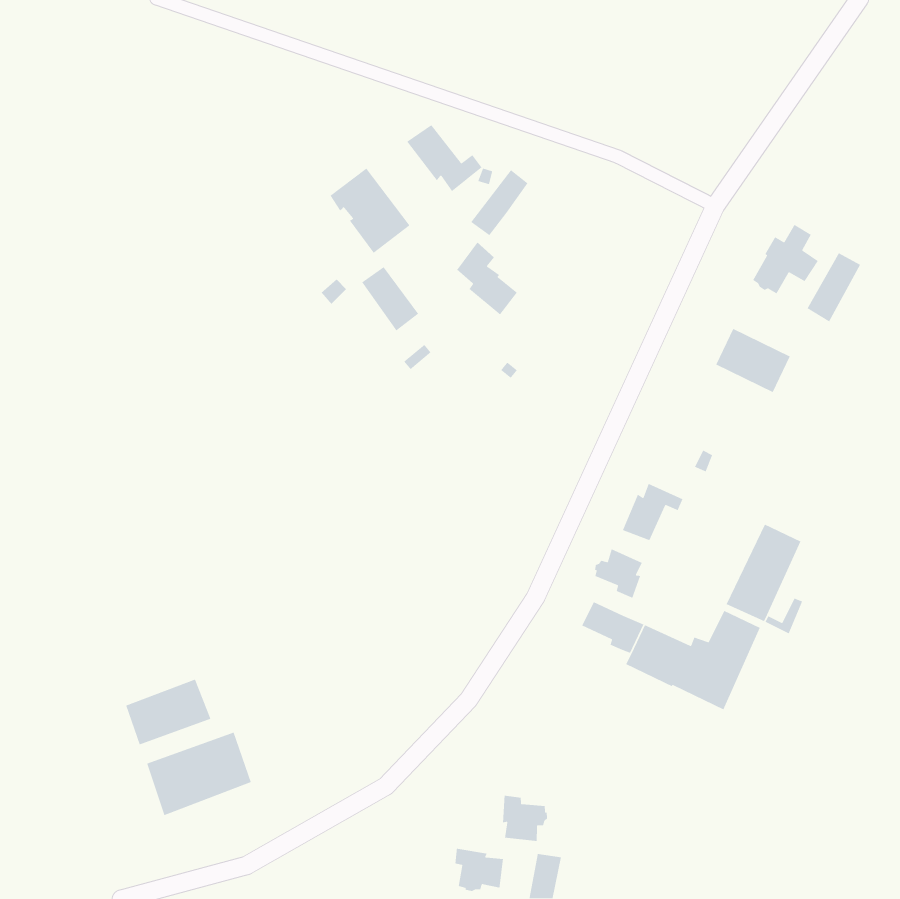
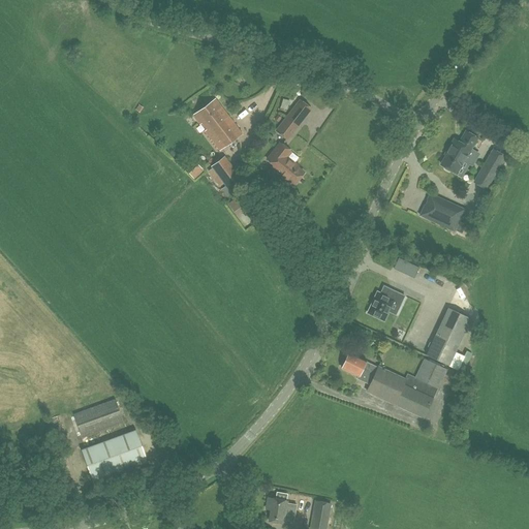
building: [406,124,483,192] -> none
building: [594,548,643,599] -> none
building: [502,795,548,842] -> none

